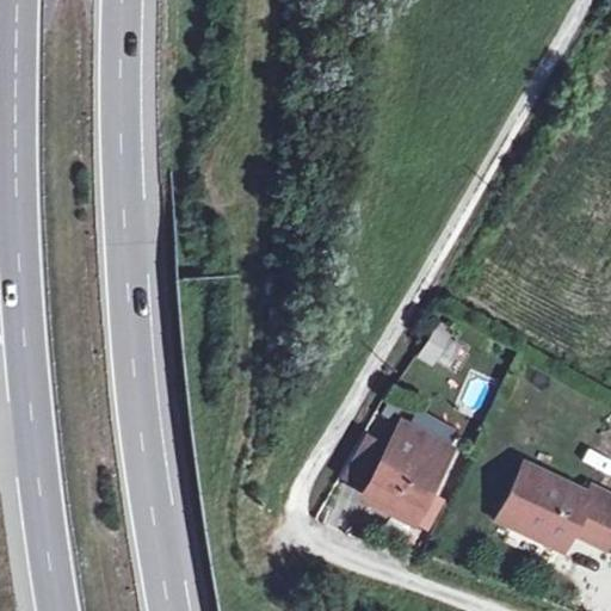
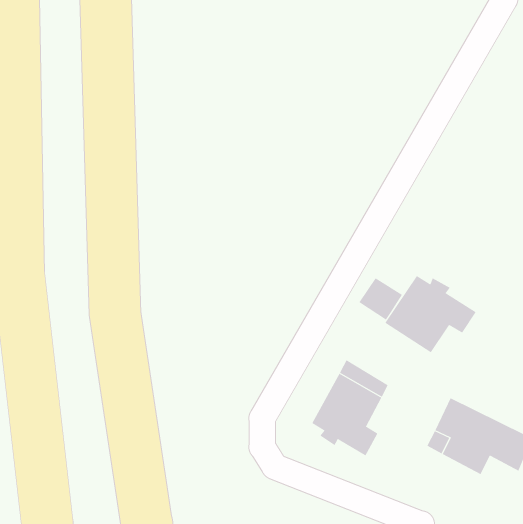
building: none -> [385,275,477,353]

